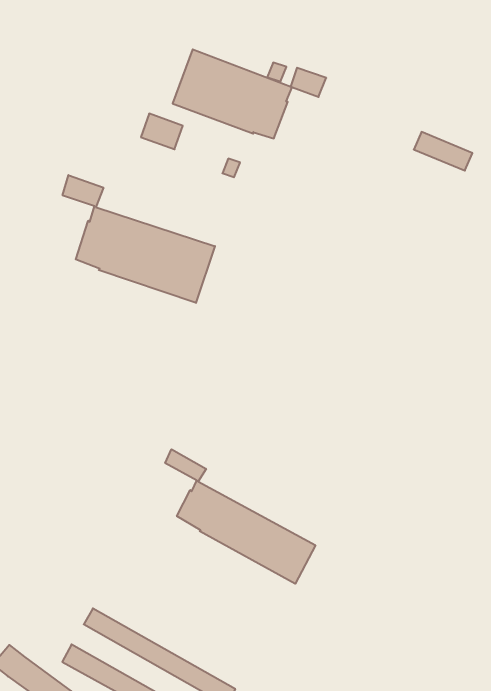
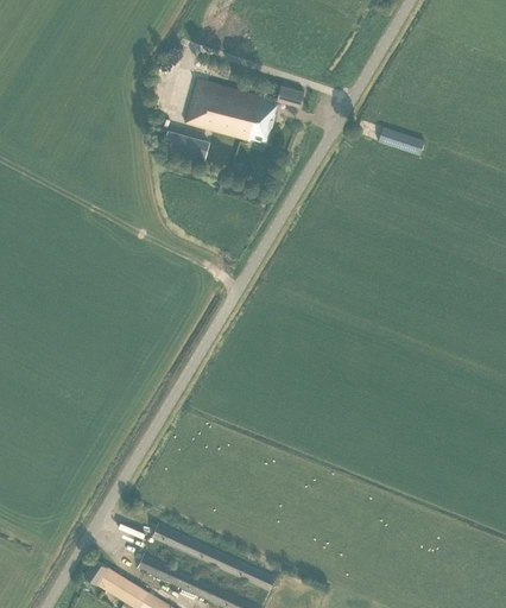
building: [63,175,215,303] -> none
building: [165,449,315,584] -> none

